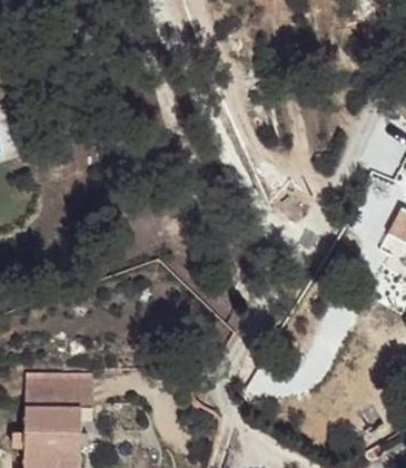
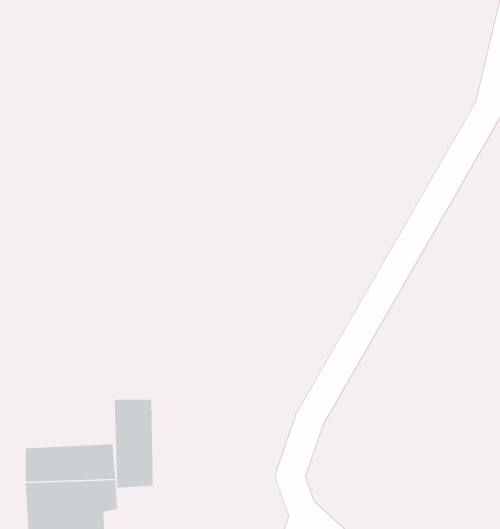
building: none -> [114,399,153,488]

